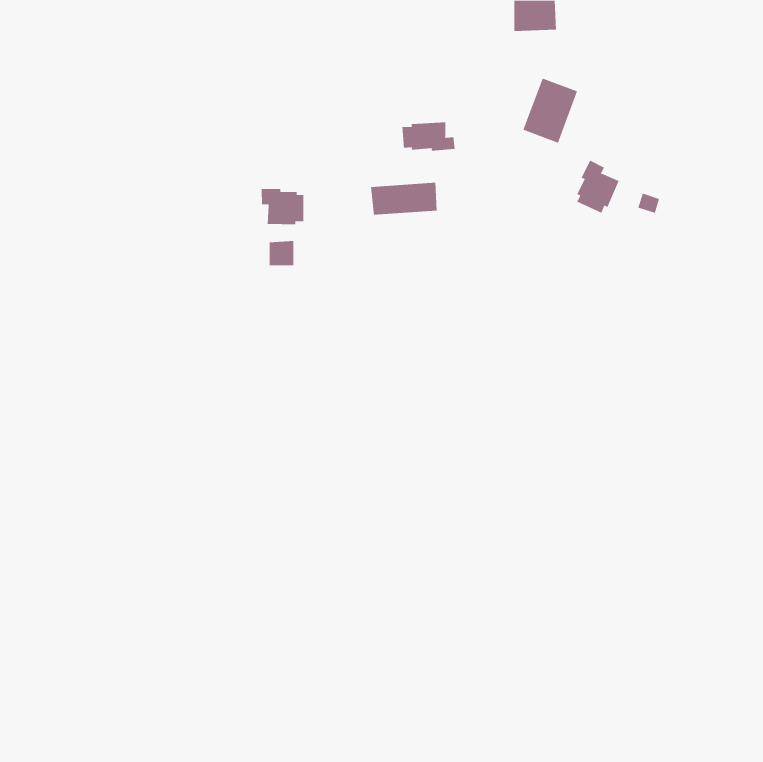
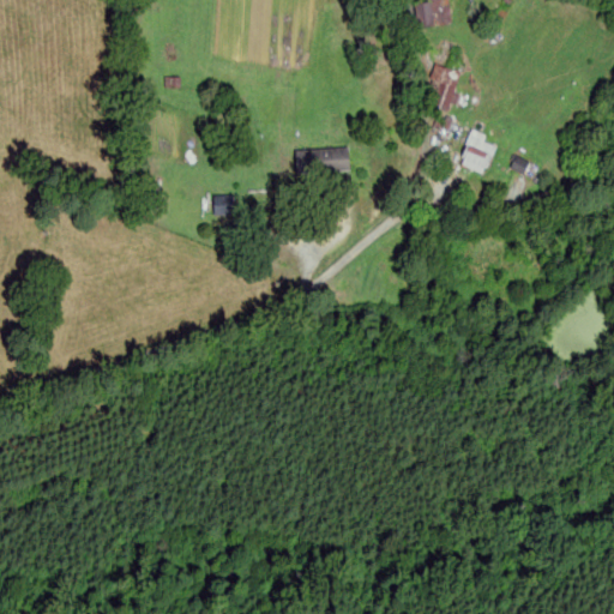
building: [402,122,455,152] -> none
building: [261,188,304,225] -> none

